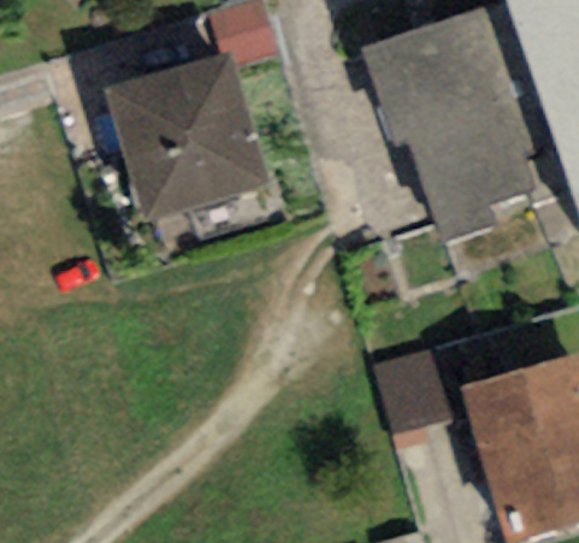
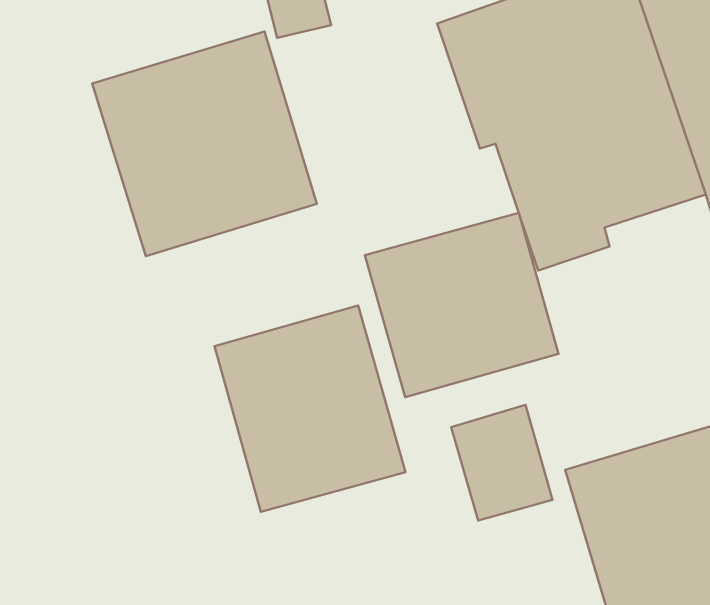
building: none -> [365,213,558,397]
building: none -> [214,305,406,512]

